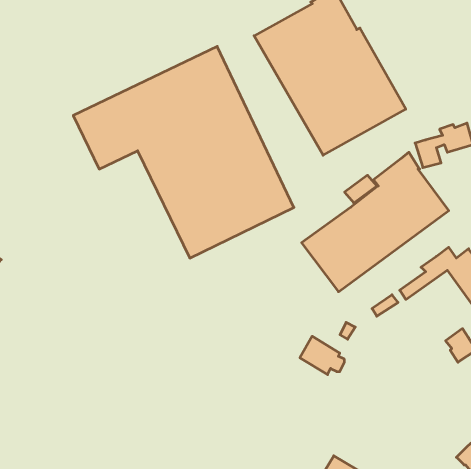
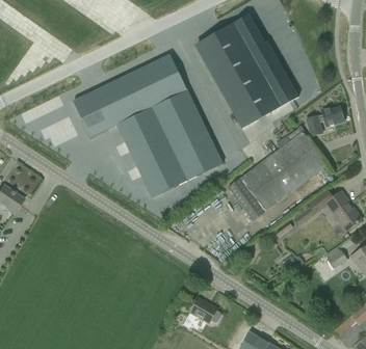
building: [300,336,344,375] -> [190,296,220,322]

